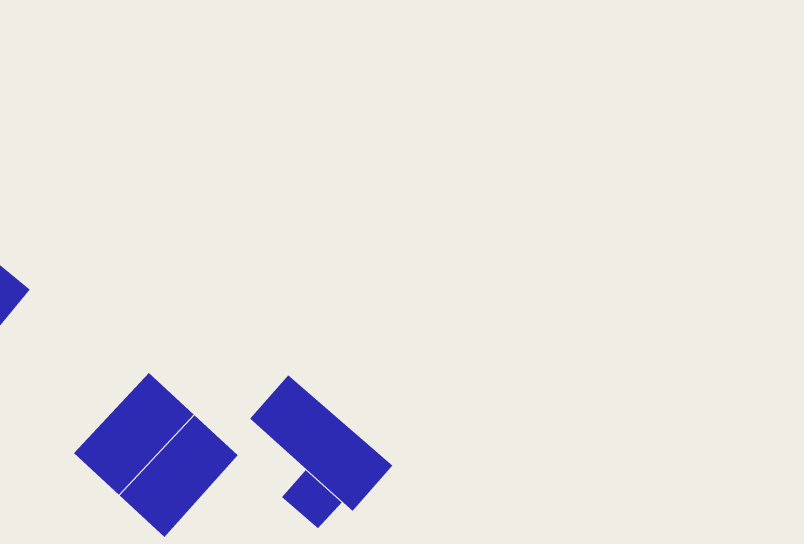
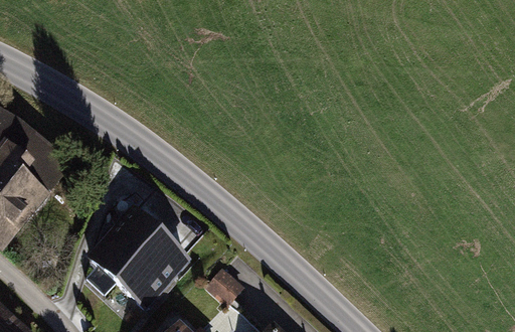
building: [249,374,393,512] -> none

